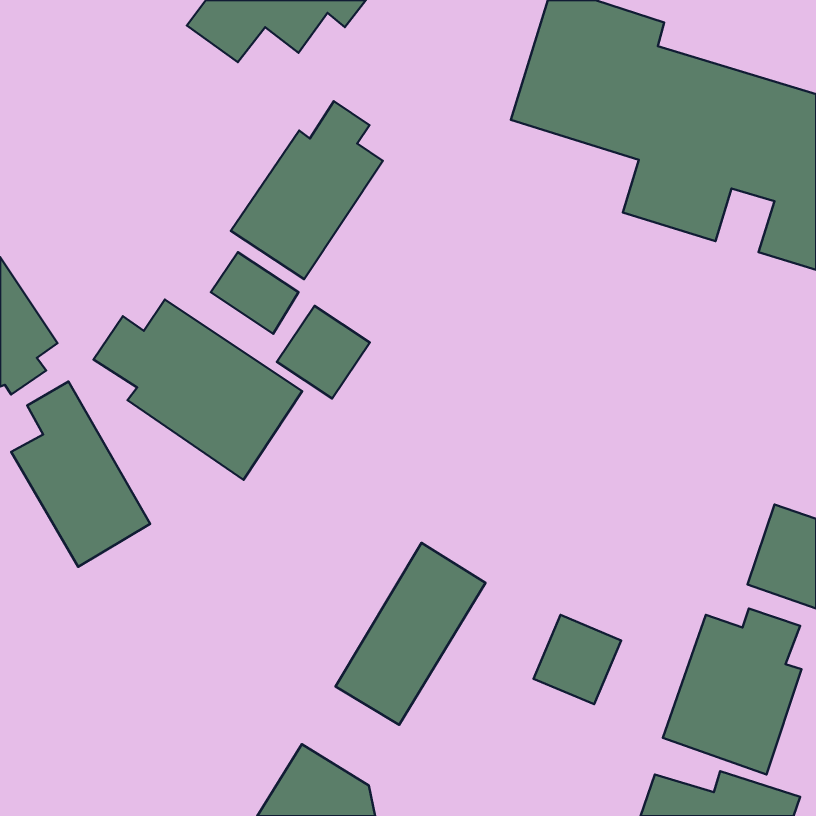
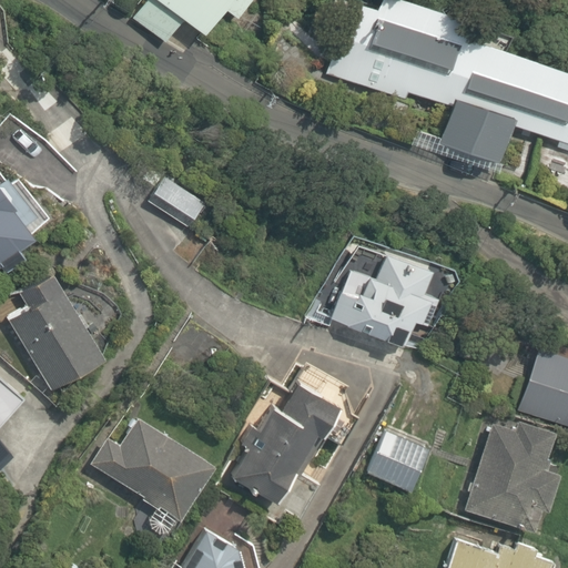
building: [231,101,383,279] -> none
building: [93,300,302,480] -> none
building: [277,306,370,399] -> none
building: none -> [331,244,443,347]
building: none -> [91,422,213,534]

